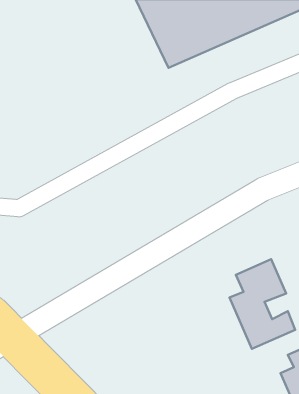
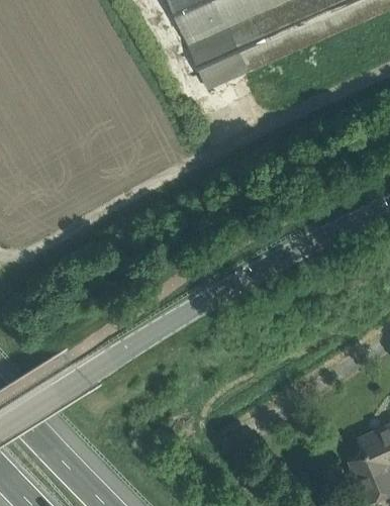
building: [229,259,295,349] -> none

